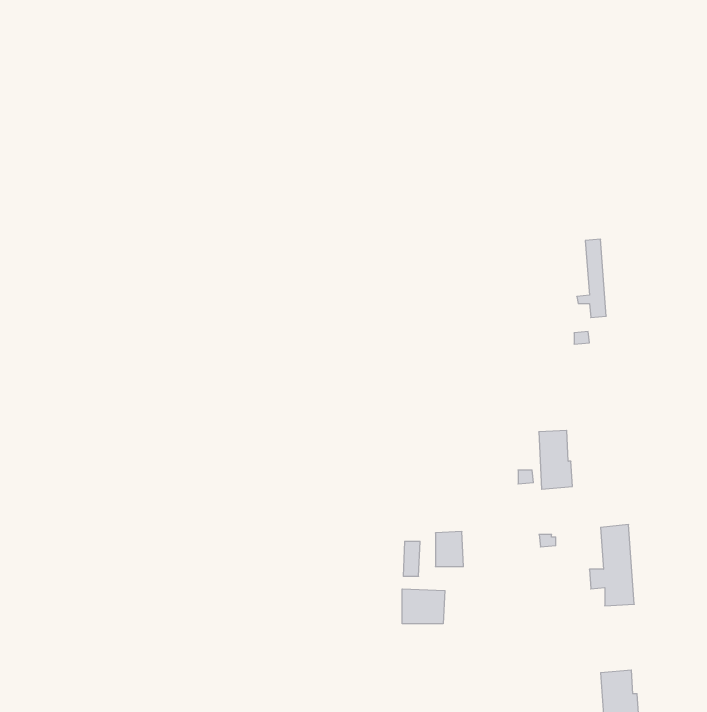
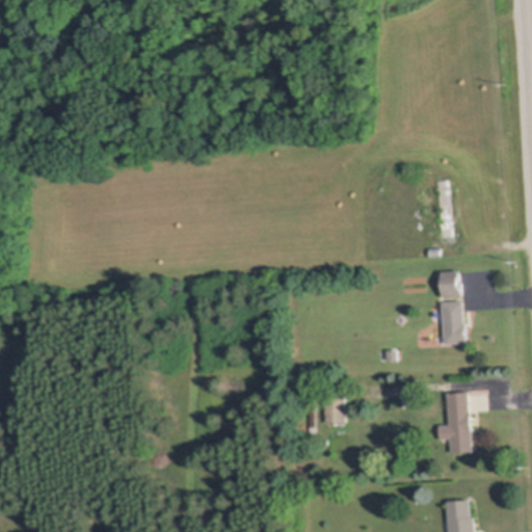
building: none -> [440,271,460,298]
building: [539,430,572,489] -> [441,302,466,346]
building: [402,589,445,624] -> none

